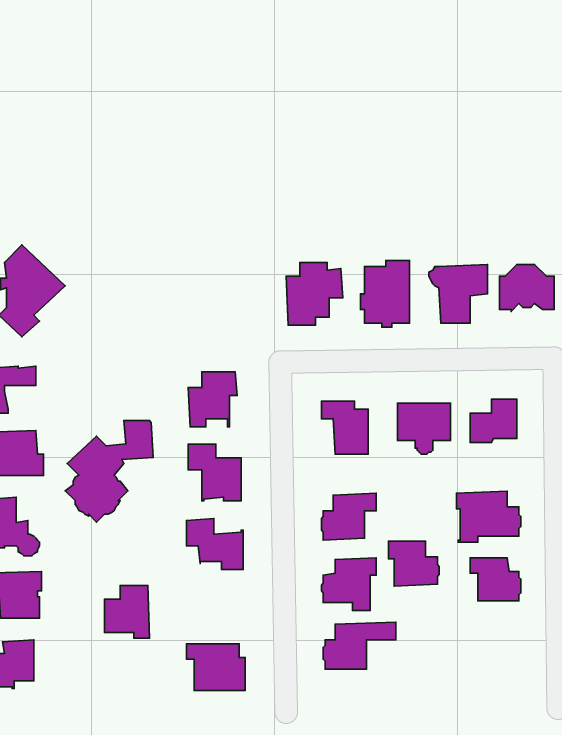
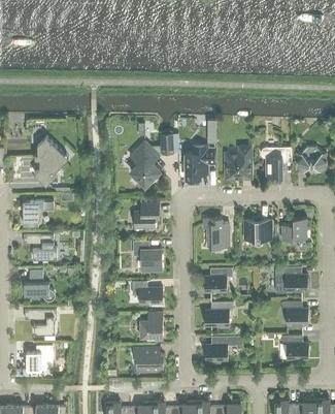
building: [65,420,153,522] -> [128,133,174,187]
building: [388,541,439,586] -> [282,336,309,359]
building: [105,585,150,638] -> [139,313,163,341]

